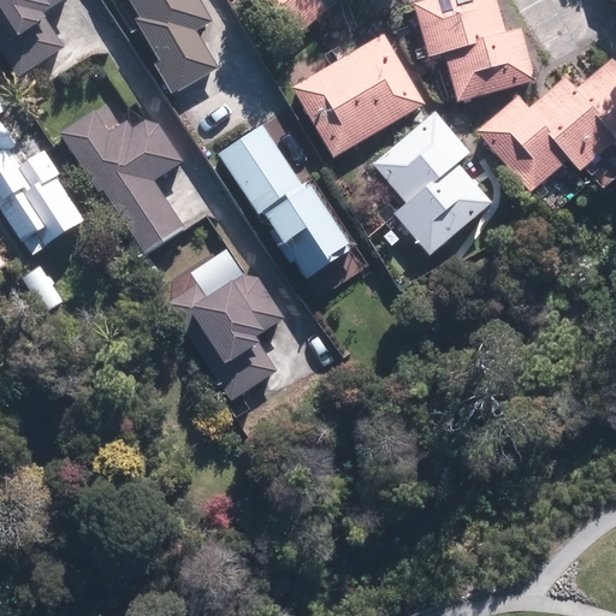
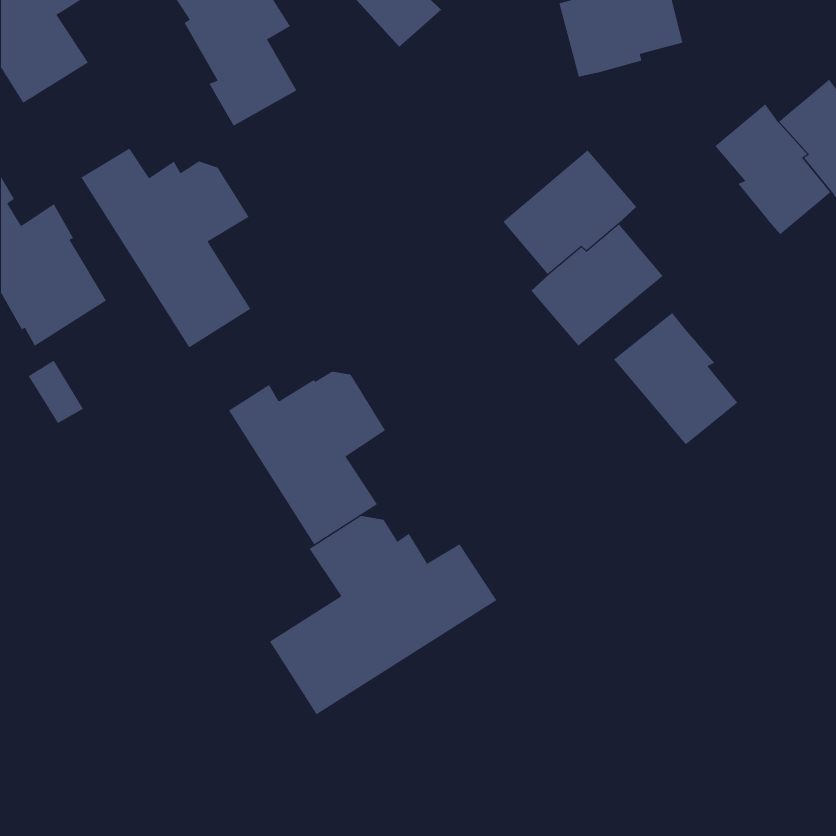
building: [443,28,534,101] -> none
building: [290,32,422,156] -> none
building: [473,95,564,192] -> [613,312,738,445]
building: [218,123,349,279] -> none
building: none -> [269,515,497,715]

